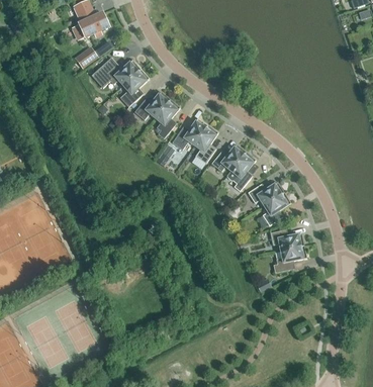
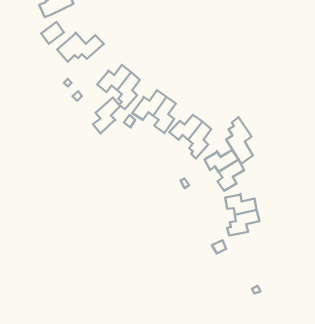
building: [119,69,149,107] -> [93,97,120,134]
building: none -> [226,117,253,164]

